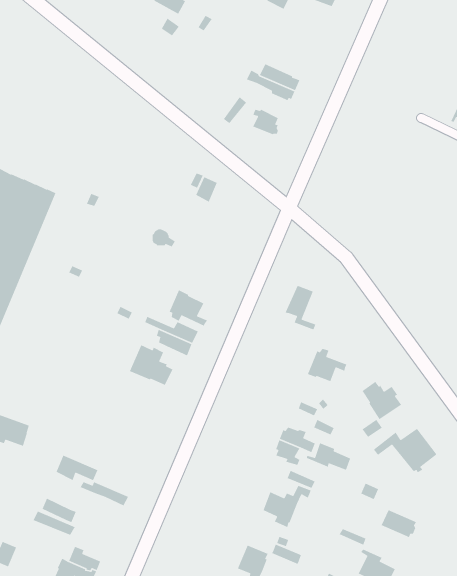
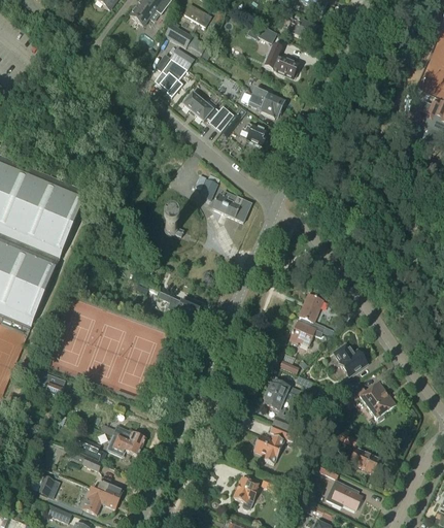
building: none -> [264,44,297,77]
building: none -> [155,61,183,99]
building: none -> [181,92,228,127]
building: none -> [211,190,250,221]
building: [285,285,316,331] -> [298,293,323,330]
building: [169,289,208,327] -> none
building: [129,344,173,386] -> none
building: [306,442,351,471] -> none
building: [55,454,99,481] -> [110,435,145,457]

